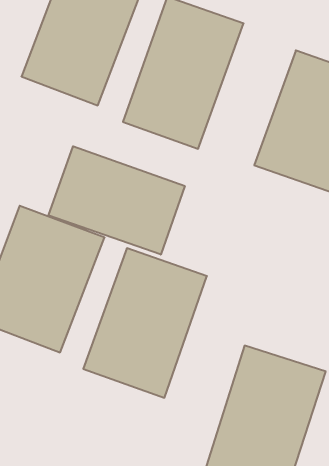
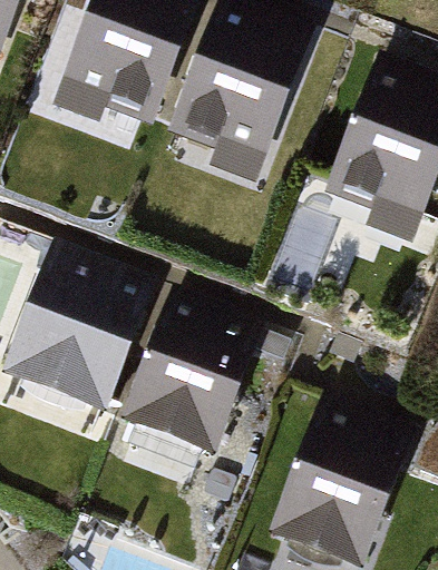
building: [49,146,185,255] -> none

